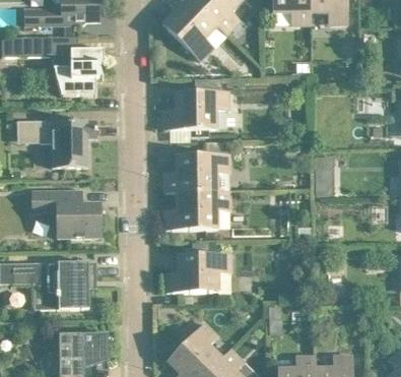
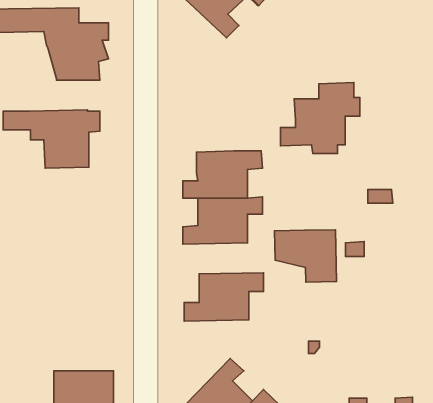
building: [163,77,228,135] -> [281,83,360,153]
building: [32,190,101,237] -> none
building: none -> [274,230,336,282]
building: [34,261,96,308] -> none

